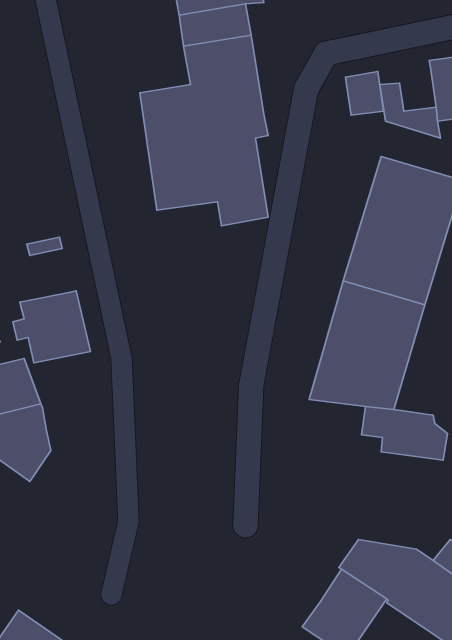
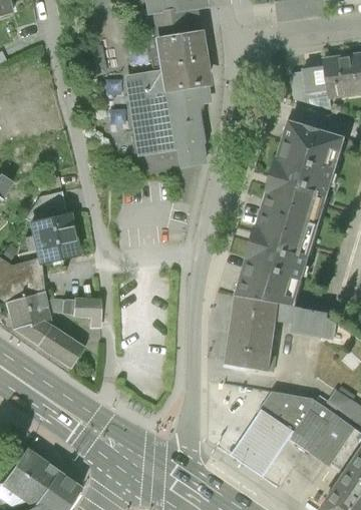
building: [345,71,383,115] -> [300,58,327,89]
building: none -> [26,192,67,224]
building: none -> [229,294,277,368]
building: none -> [47,300,104,331]
building: none -> [38,330,85,374]

